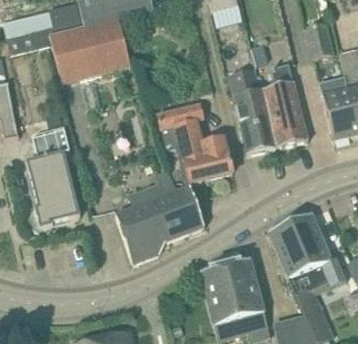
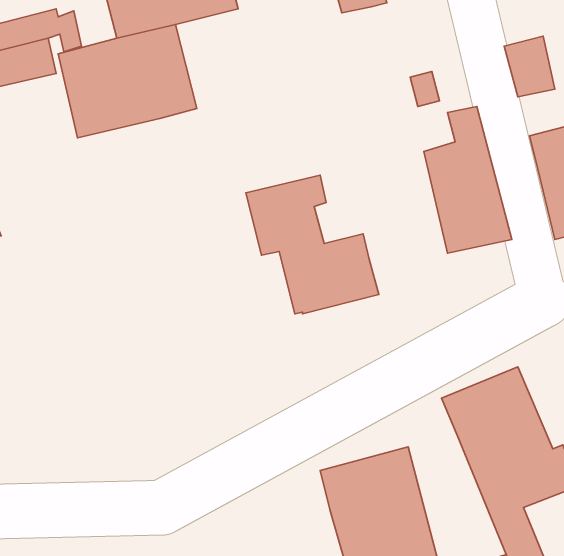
building: [229,67,271,154] -> none
building: [26,128,79,229] -> none
building: [116,167,203,263] -> none

